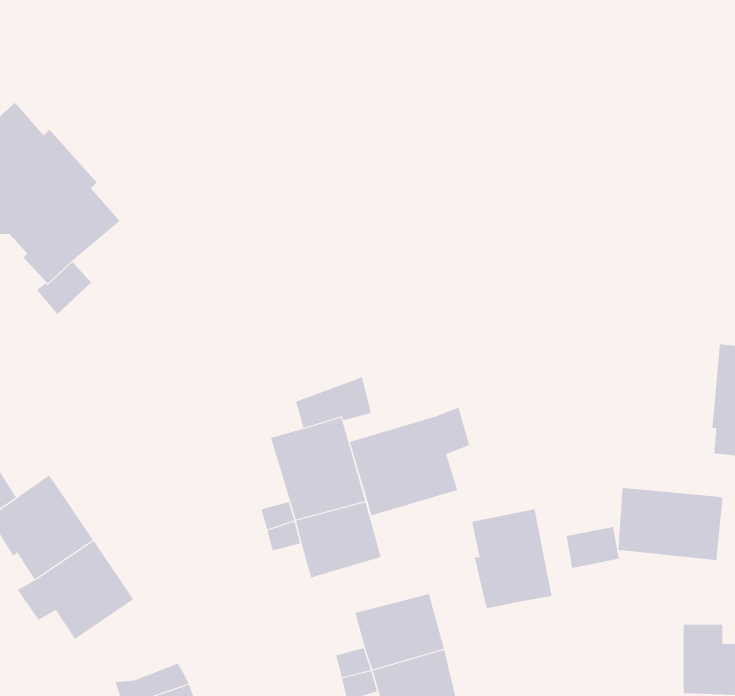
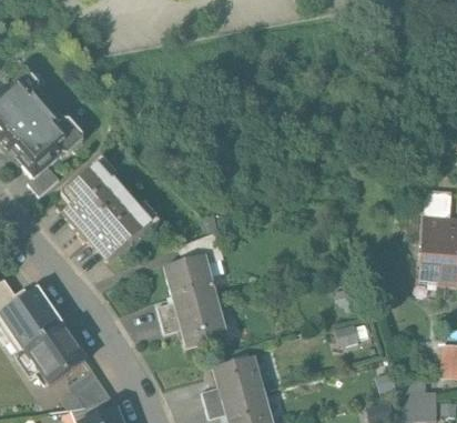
building: none -> [63,163,152,260]
building: [349,407,470,516] -> none
building: [618,487,723,561] -> none
building: [471,509,552,609] -> none
building: none -> [63,370,110,410]

